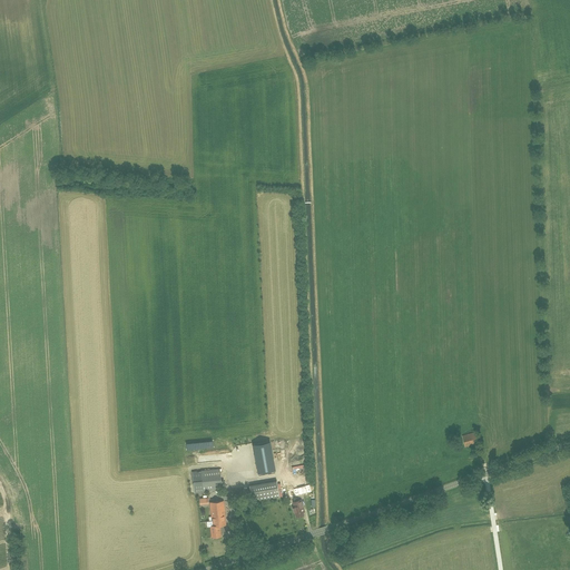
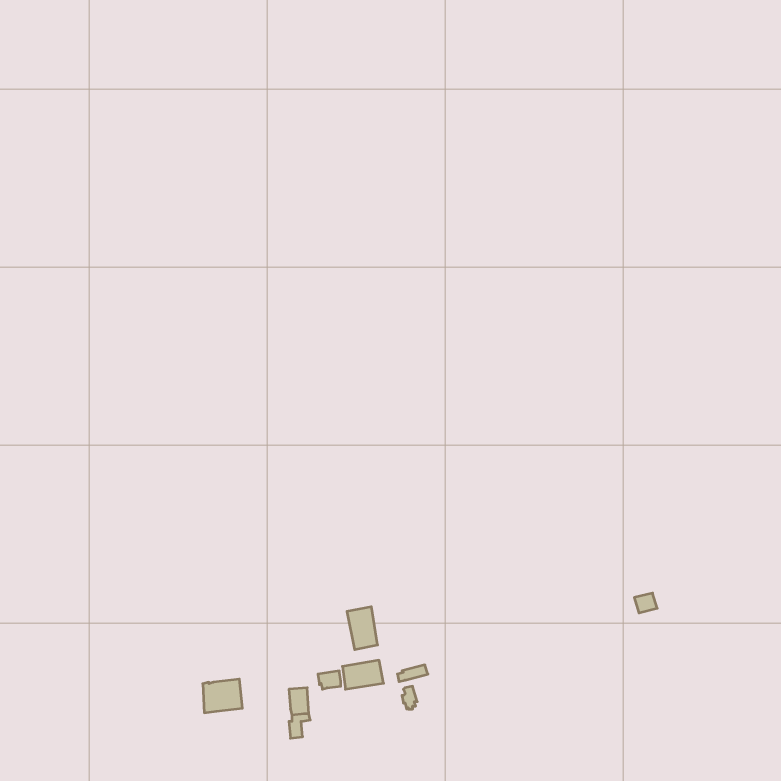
building: [193,469,222,493] -> [203,679,242,713]

